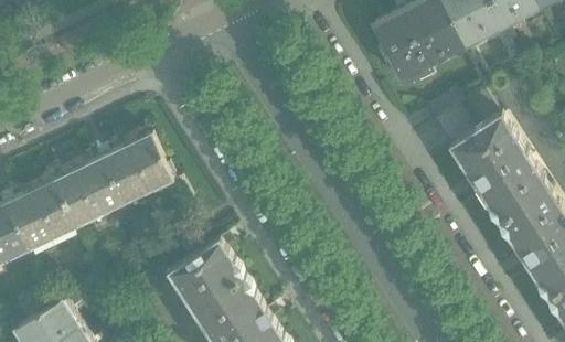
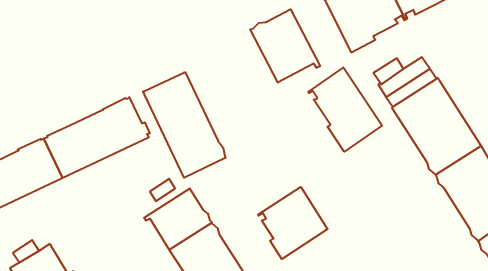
building: none -> [250,9,320,83]
building: none -> [308,67,382,152]
building: none -> [143,72,225,178]
building: none -> [258,187,328,259]

